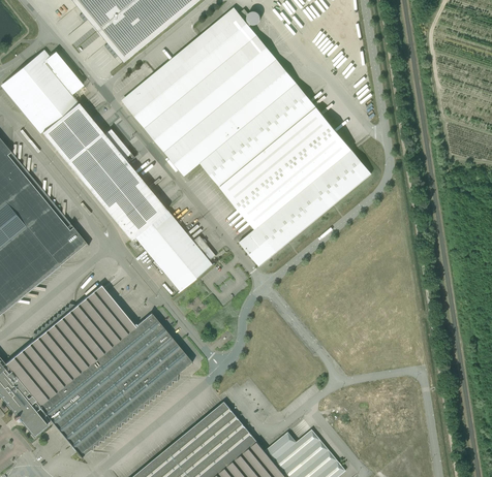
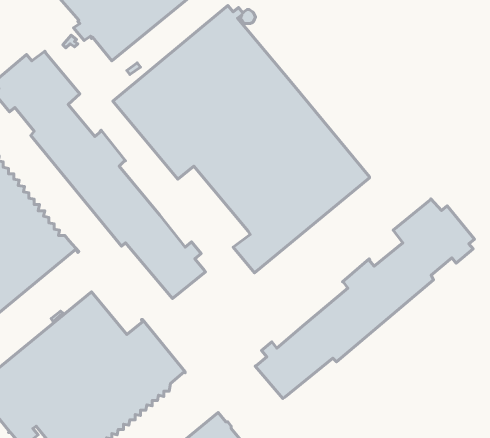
building: none -> [255,199,475,399]

